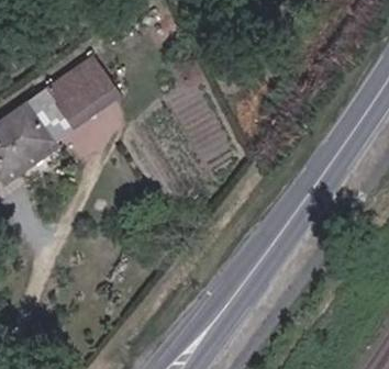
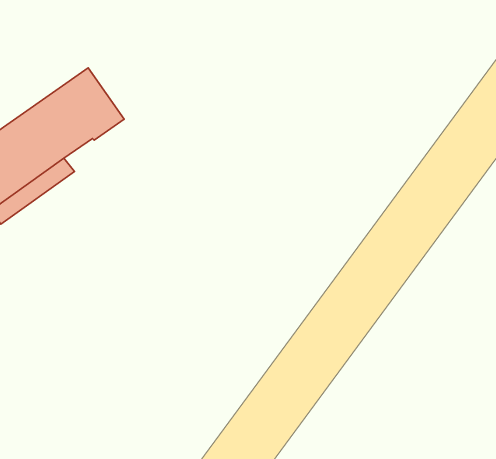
building: [67,57,118,111] -> none

